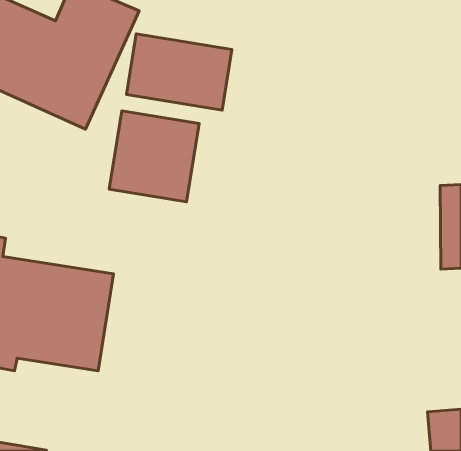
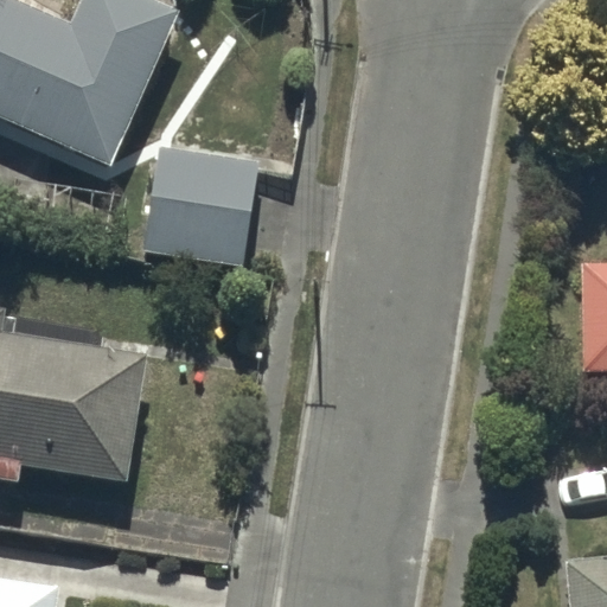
building: [127,34,232,110] -> none

